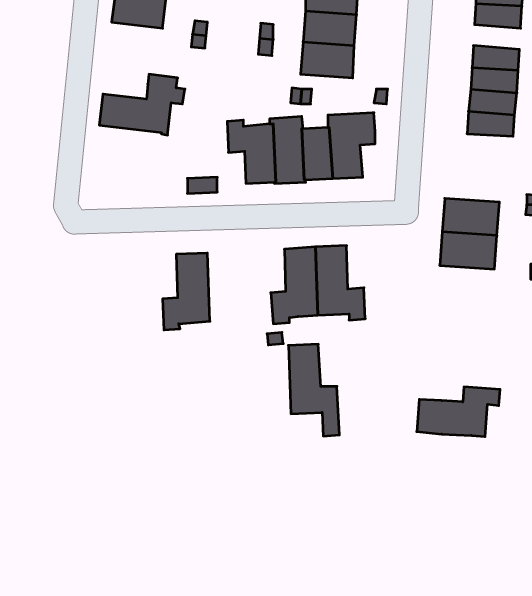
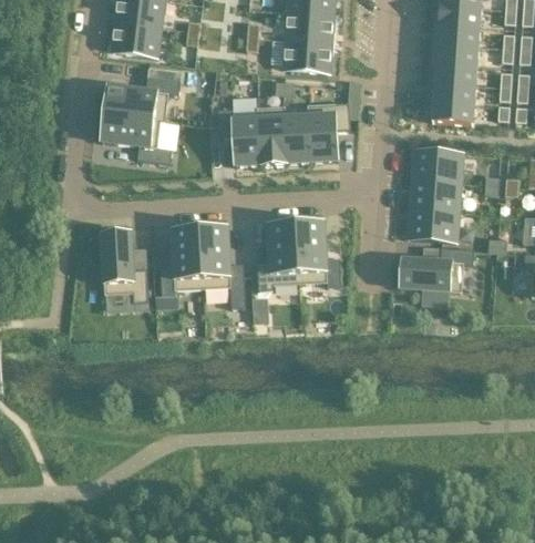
building: none -> [112,21,161,55]
building: none -> [438,23,480,45]
building: none -> [101,113,172,163]
building: none -> [412,148,463,182]
building: none -> [102,230,148,303]
building: [288,344,339,436] -> [200,226,246,308]
building: [417,387,500,437] -> [400,247,474,291]

